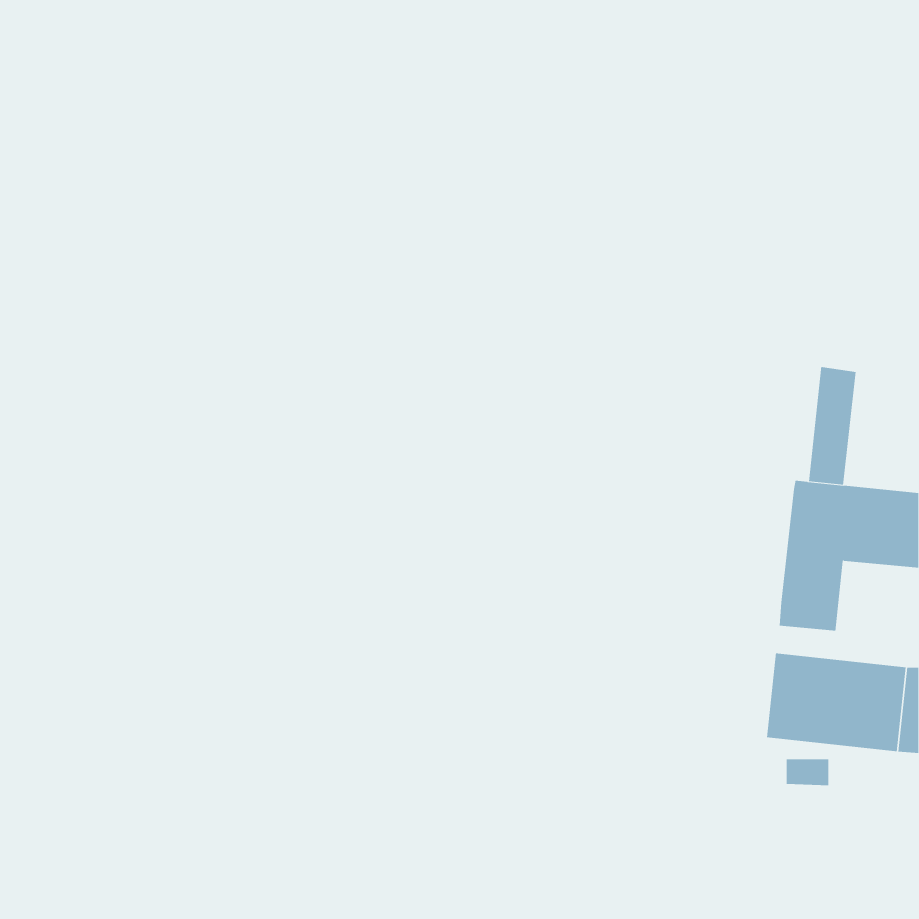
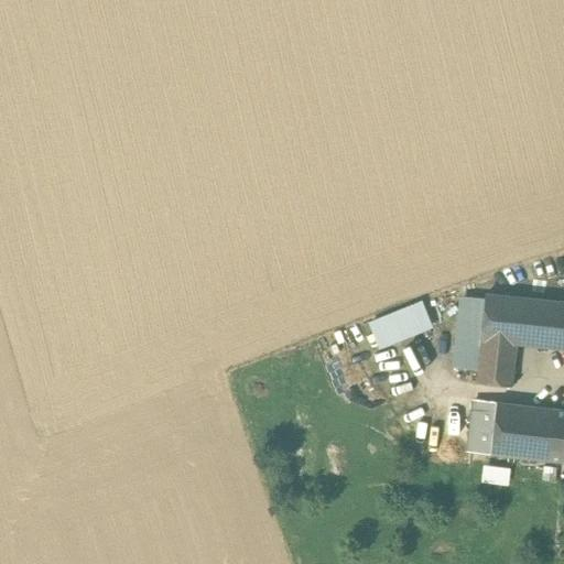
building: [808,366,857,485] -> [456,296,486,369]
building: none -> [369,300,433,347]

